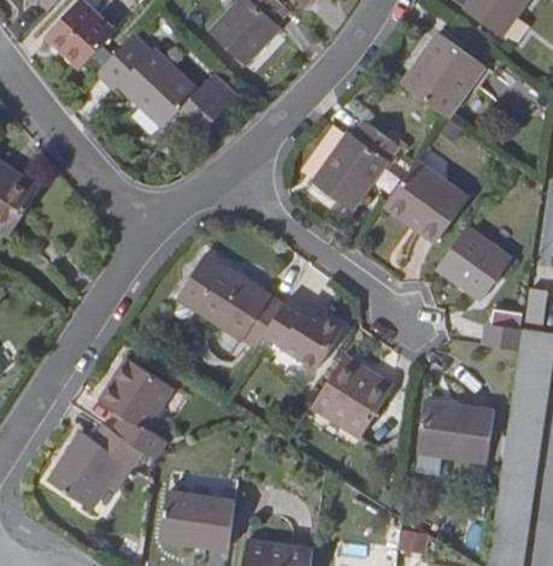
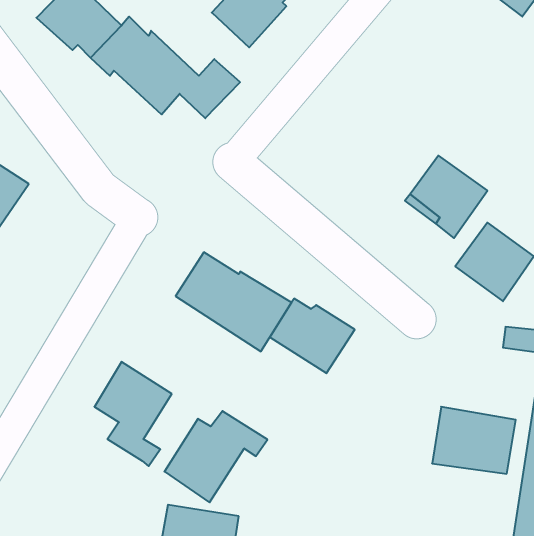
building: [402,33,486,117] -> none
building: [313,120,399,208] -> none
building: [311,354,395,438] -> none
building: [49,424,146,509] -> [164,411,267,502]

